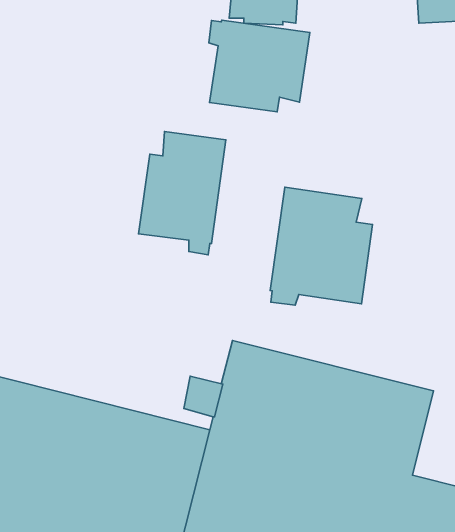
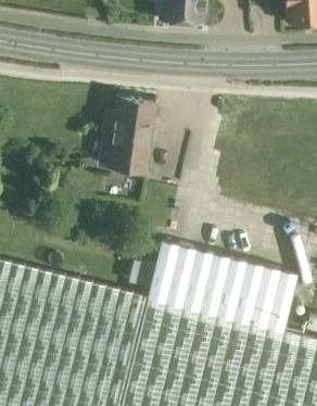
building: [209,20,310,112] -> none
building: [270,187,372,305] -> none

